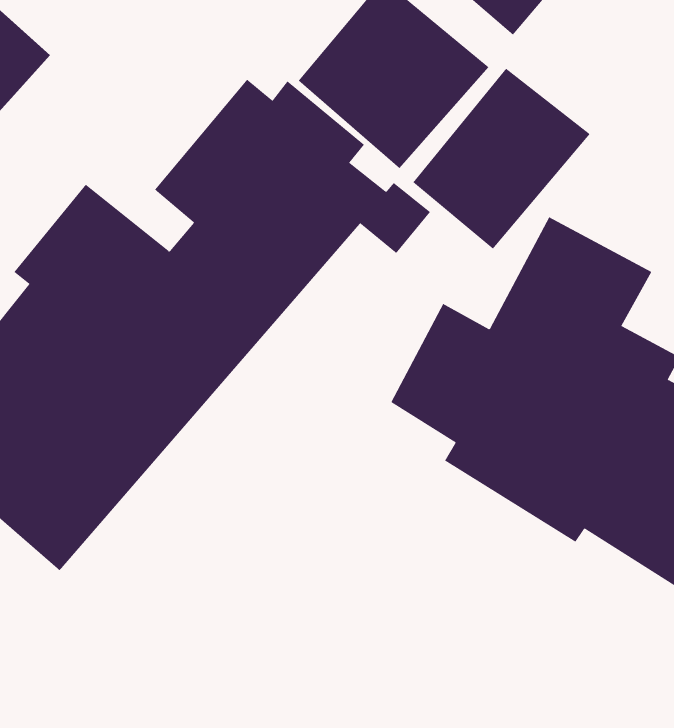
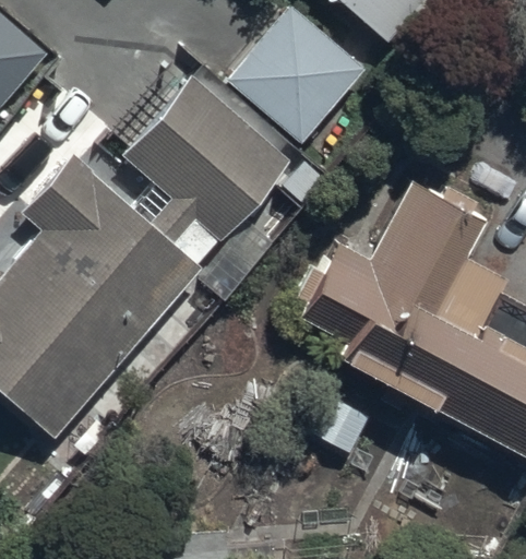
building: [413,68,591,250] -> none

